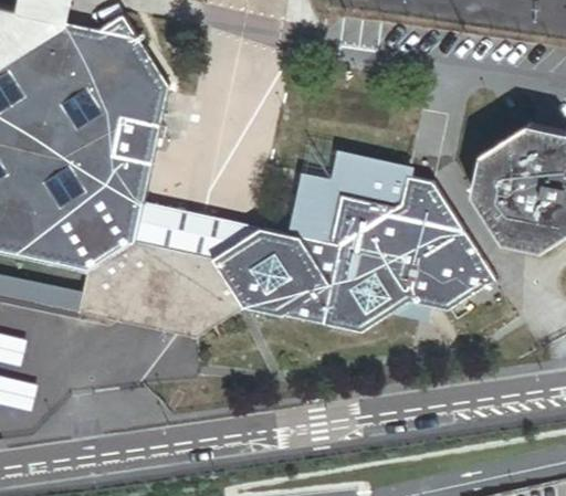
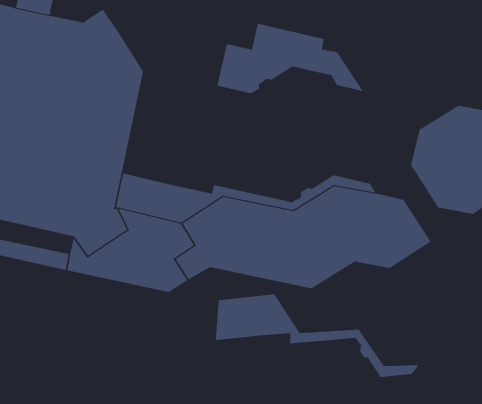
building: [294,152,463,233] -> [216,23,364,94]
building: none -> [215,294,419,378]

